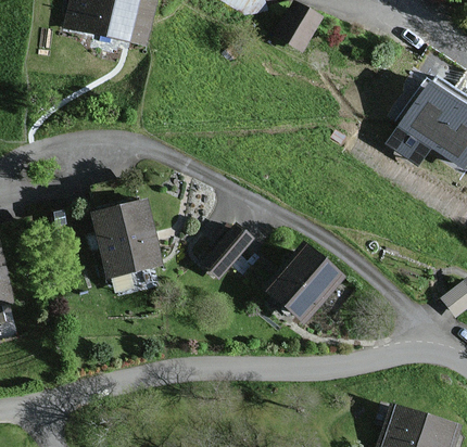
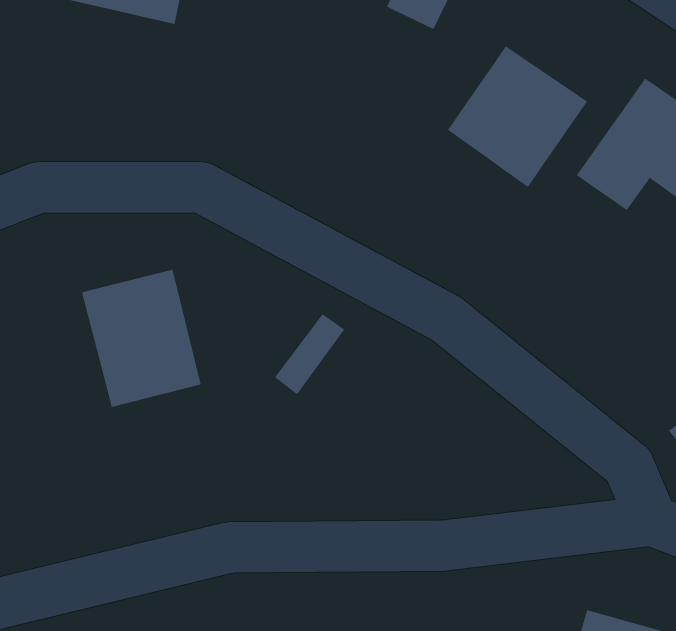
building: none -> [447,45,588,188]
building: [263,242,343,323] -> none

